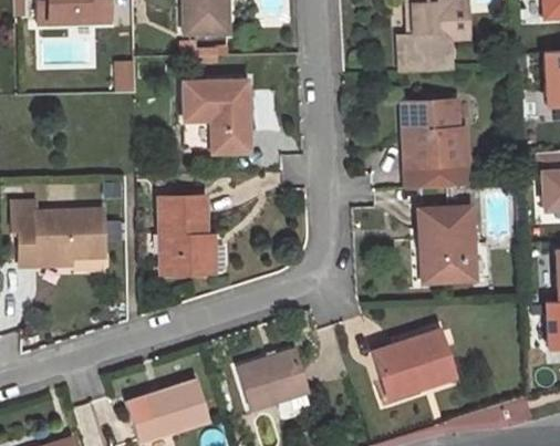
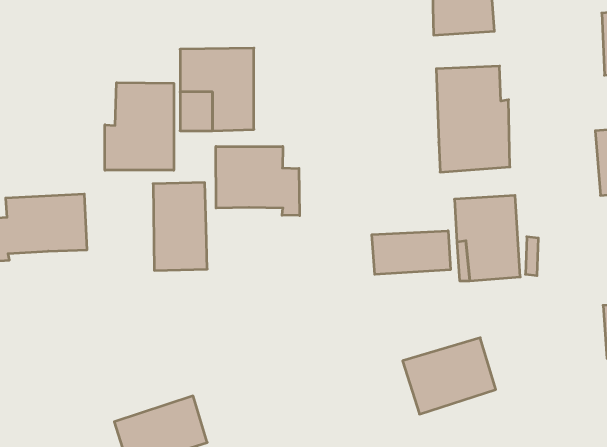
building: none -> [105,83,174,170]
building: none -> [216,146,300,216]
building: none -> [372,231,450,274]
building: [239,349,312,412] -> none

